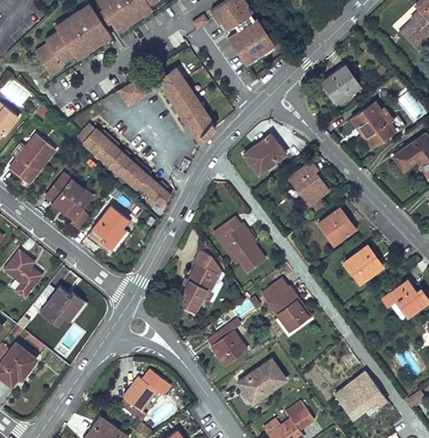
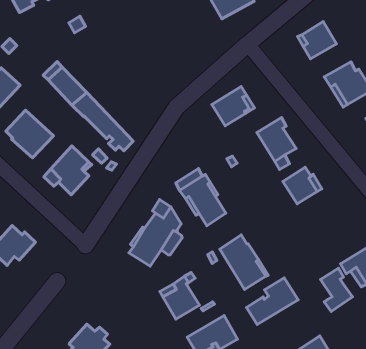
building: [155,71,216,147] -> none
building: [117,81,147,110] -> none
building: [344,245,382,283] -> none
building: none -> [321,268,353,312]
building: none -> [247,278,298,325]

